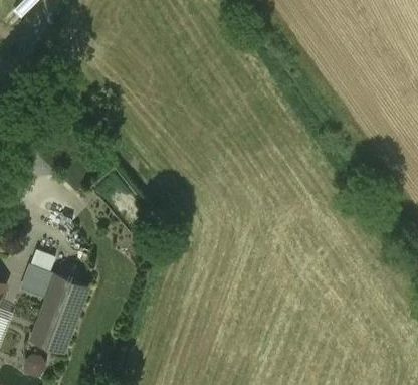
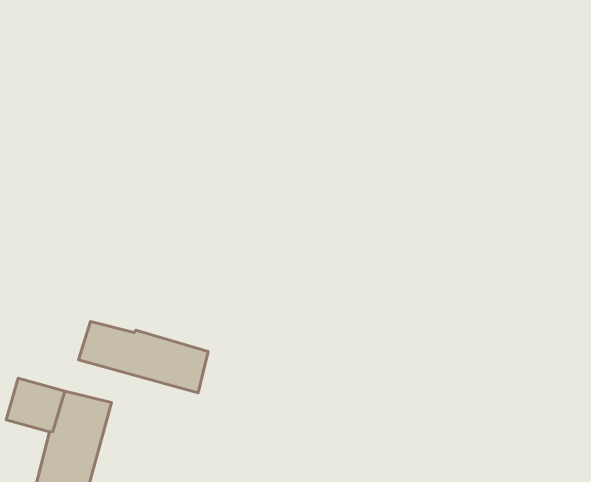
building: none -> [79,321,208,393]

